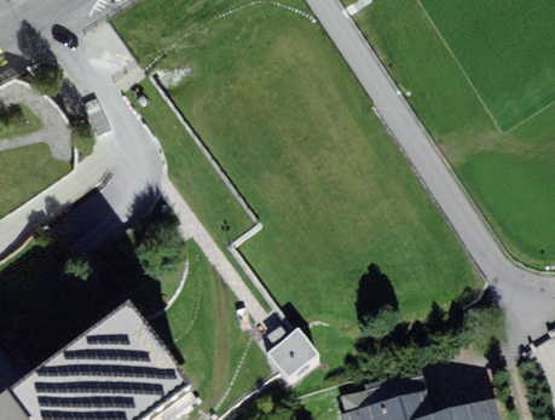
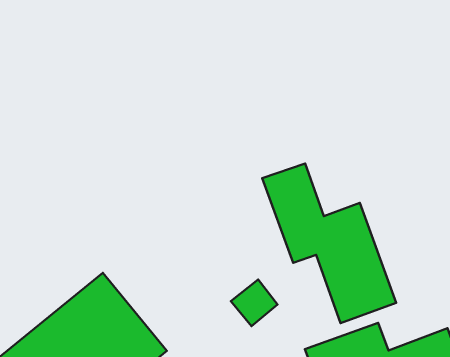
building: none -> [262,163,396,323]

